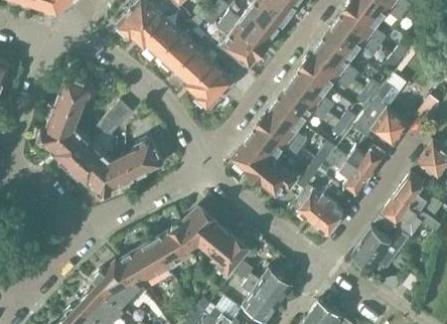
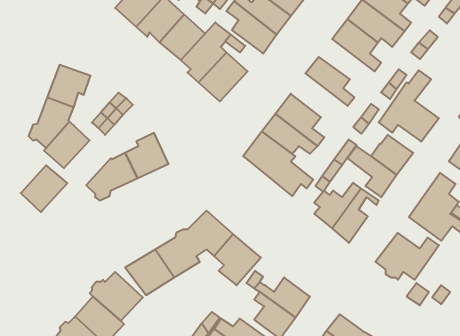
building: [300,52,350,90] -> none
building: [275,84,326,123] -> none
building: [69,144,112,186] -> [21,165,67,212]

